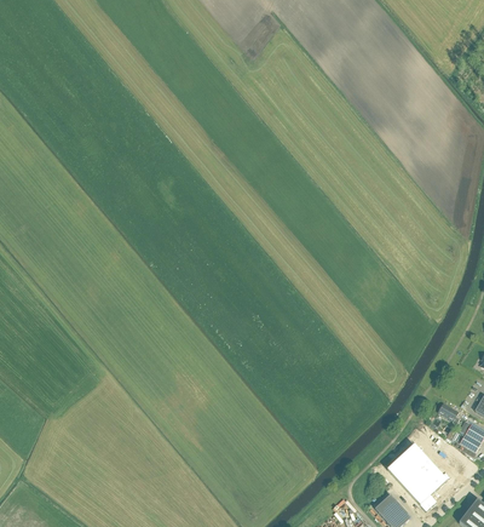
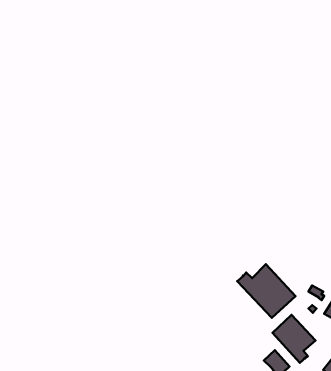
building: none -> [237,264,296,318]

